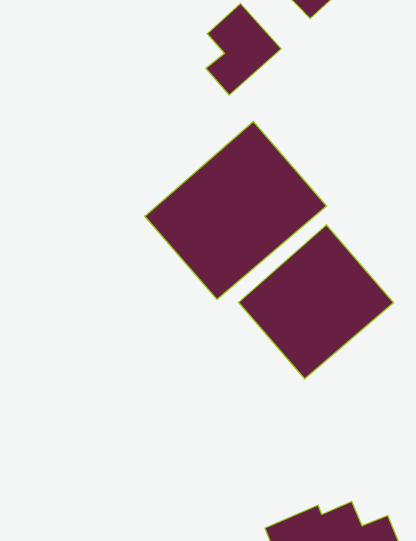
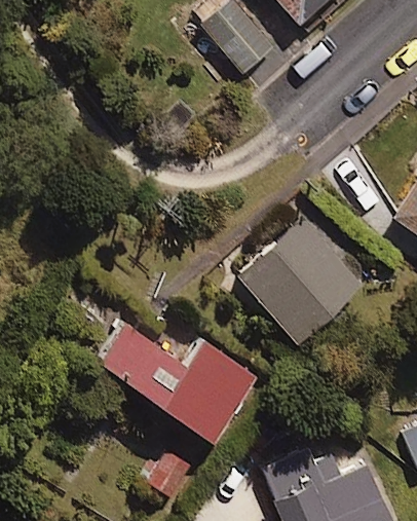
building: [145,121,327,299] -> none
building: none -> [97,322,257,444]

